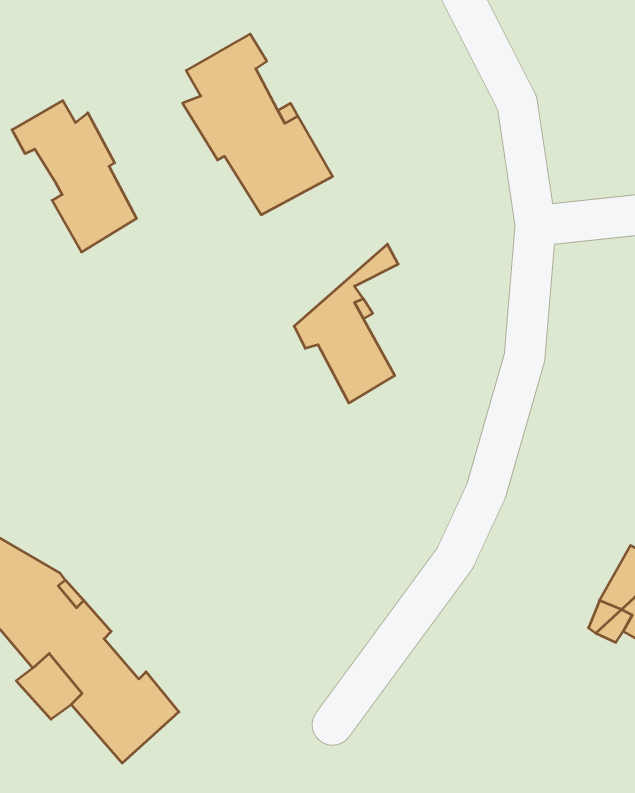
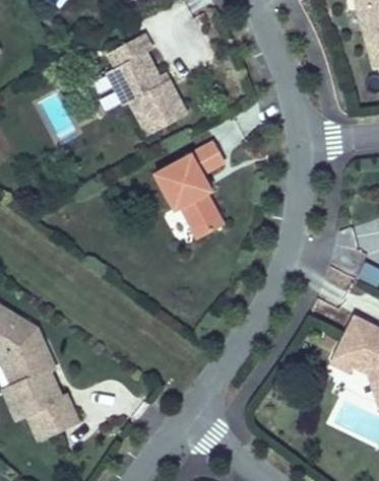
building: [12,101,136,252] -> none
building: none -> [153,139,217,195]

